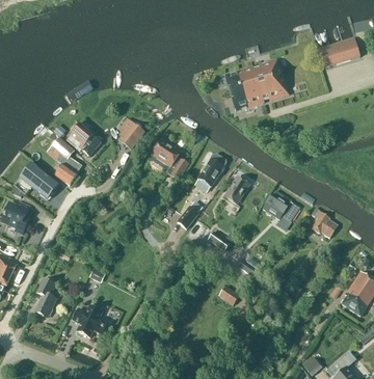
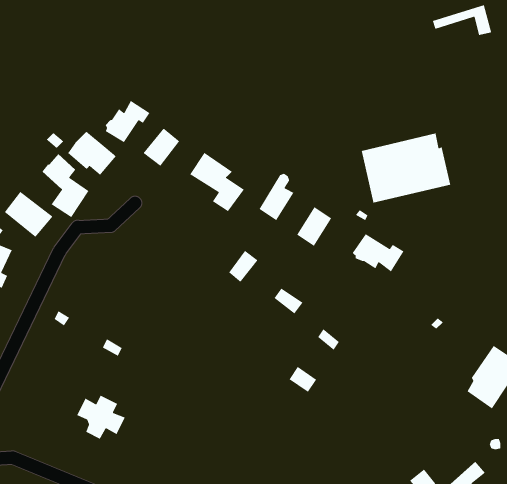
building: [222,60,285,109] -> [361,133,451,203]
building: none -> [105,100,151,143]
building: [311,207,338,238] -> none
building: [35,278,56,316] -> none

